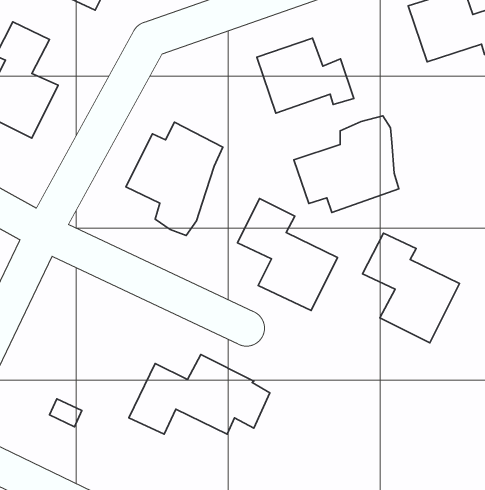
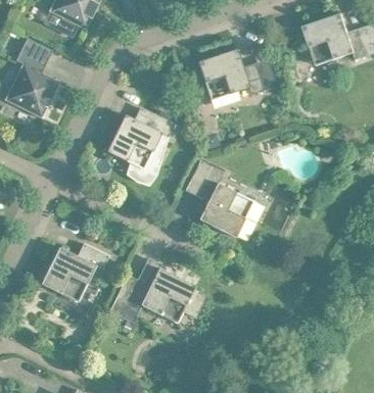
building: [294,116,399,212] -> none
building: [363,233,459,343] -> none
building: none -> [41,243,108,301]

